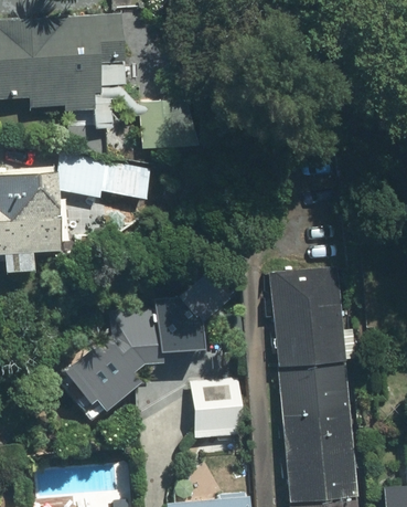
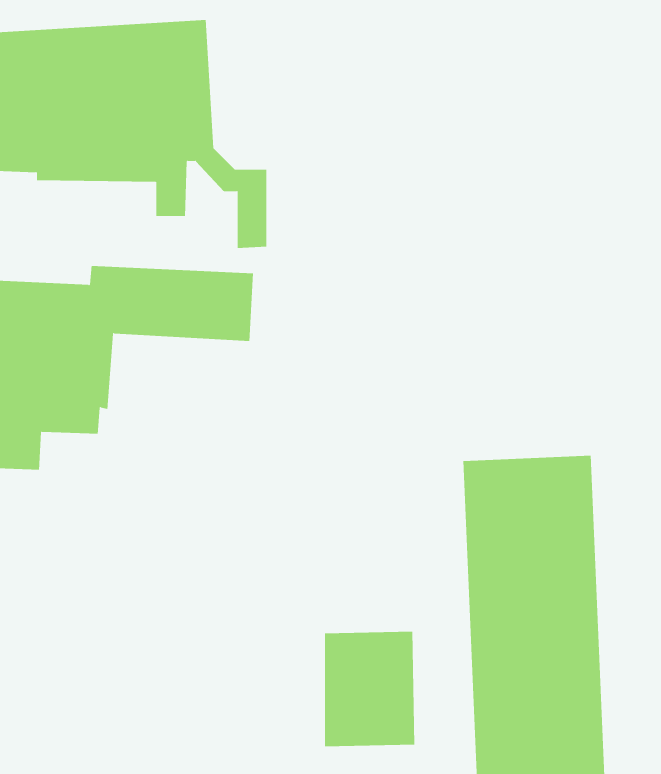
building: [55,254,231,421] -> none

